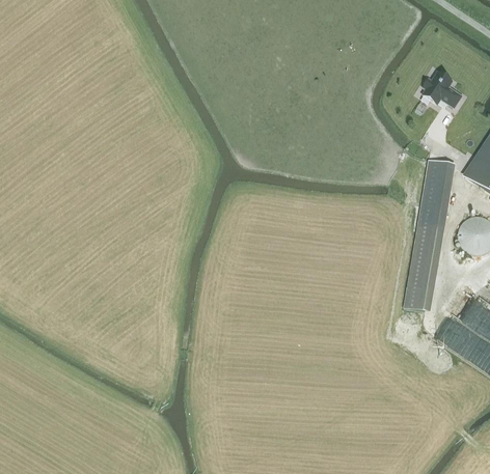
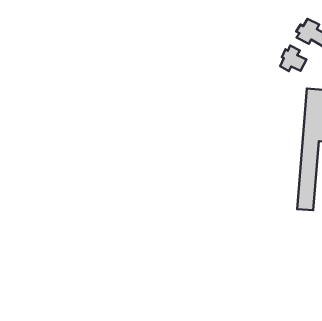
building: none -> [280,46,306,71]

